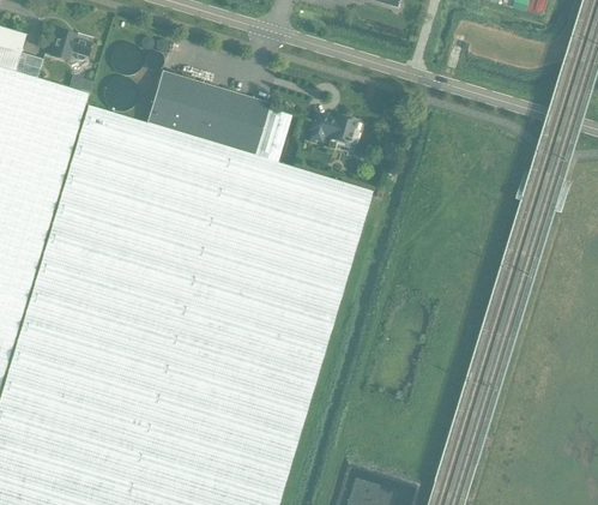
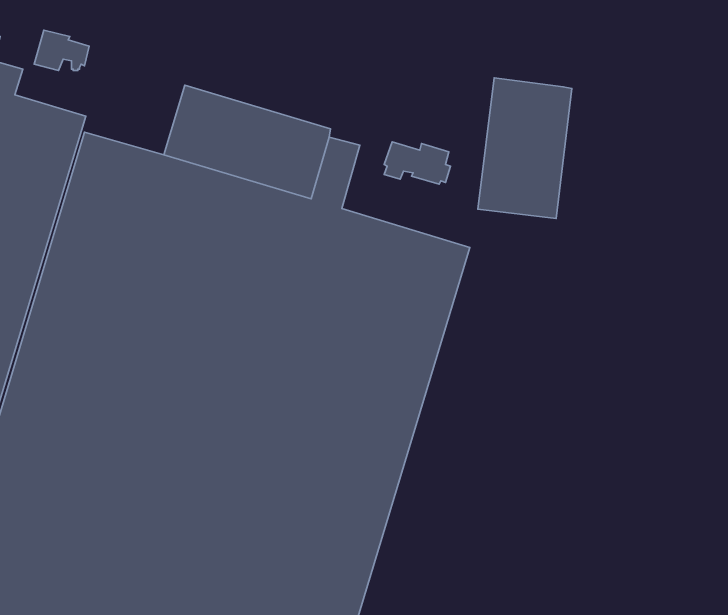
building: none -> [478,78,572,219]

